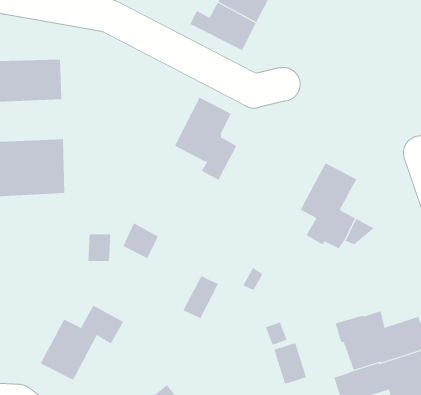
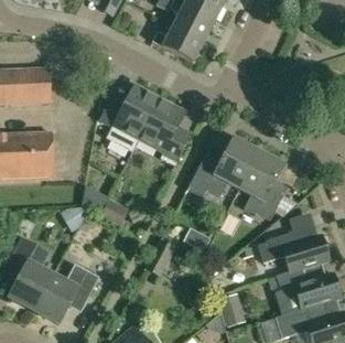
building: none -> [99,85,160,151]
building: none -> [187,137,259,196]
building: none -> [258,225,330,271]
building: none -> [9,237,53,309]

